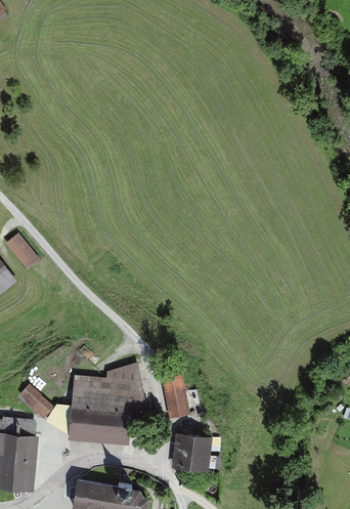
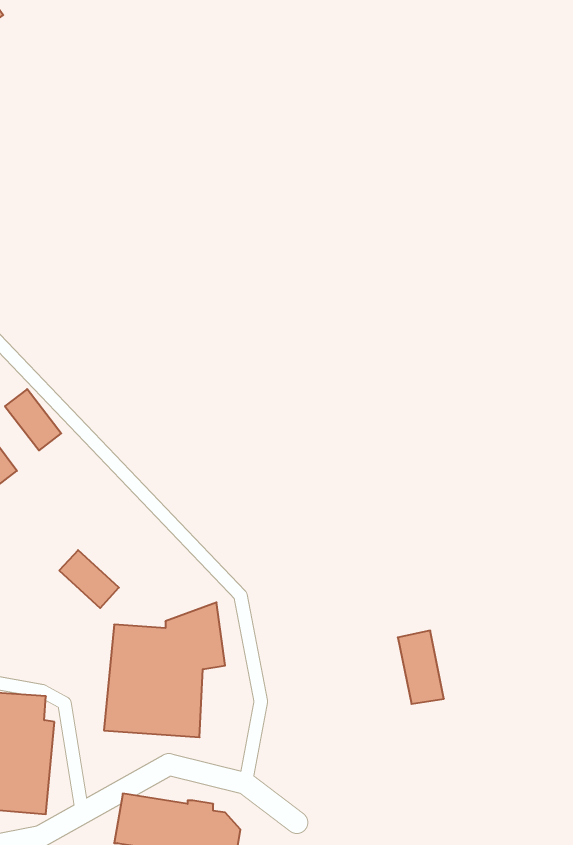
building: [163,375,190,419] -> [398,631,444,704]
building: [17,383,53,418] -> [59,550,119,608]
building: [175,434,212,471] -> none

